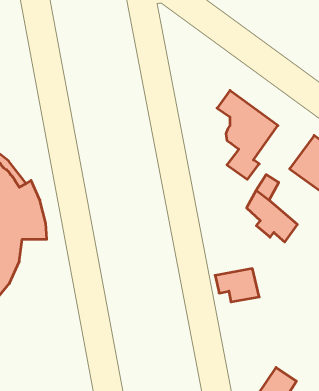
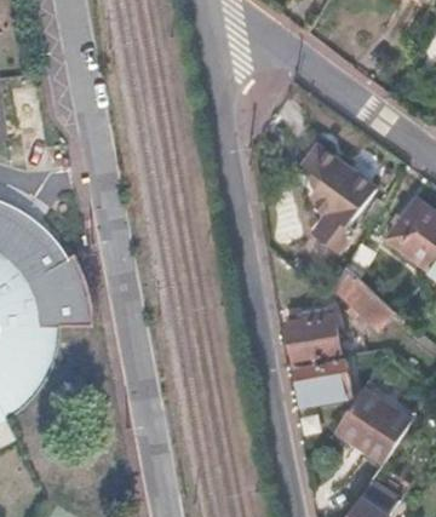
building: none -> [287,310,343,362]
building: none -> [335,389,414,464]

